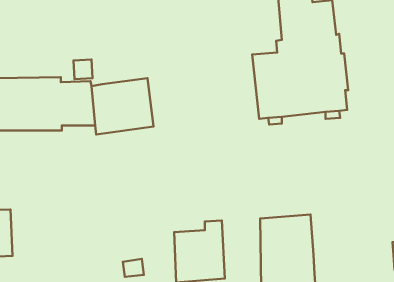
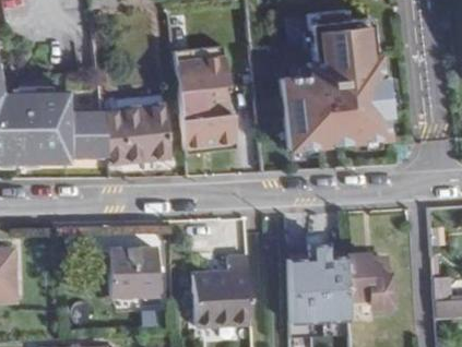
building: none -> [170,44,235,142]
building: none -> [107,247,157,296]
building: none -> [344,252,393,308]

